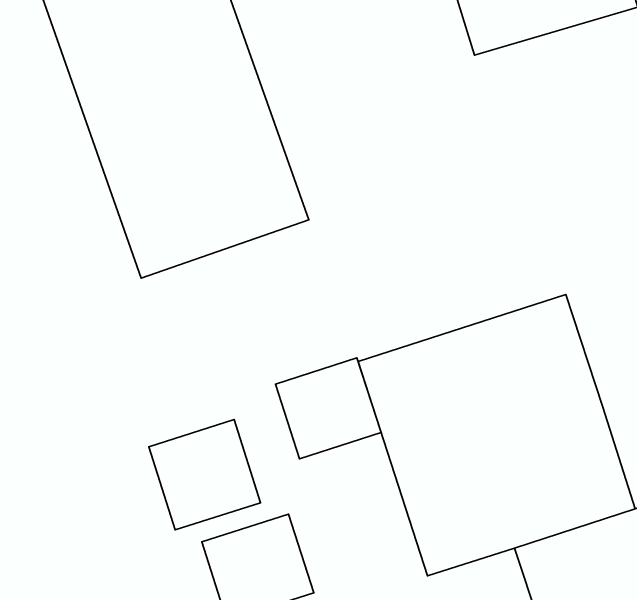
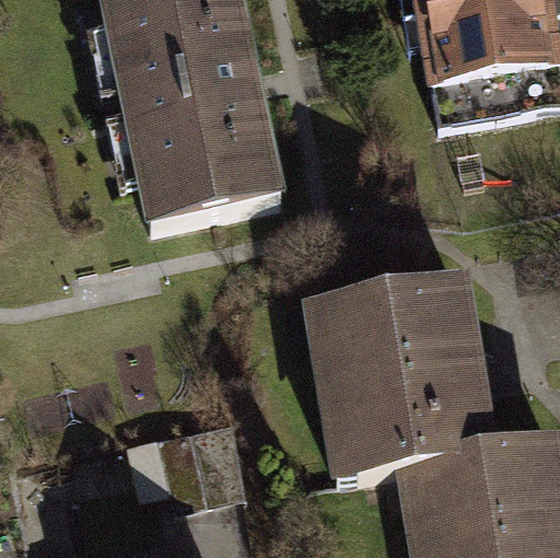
building: [275,358,381,459] -> none
building: [149,420,261,530] -> none

